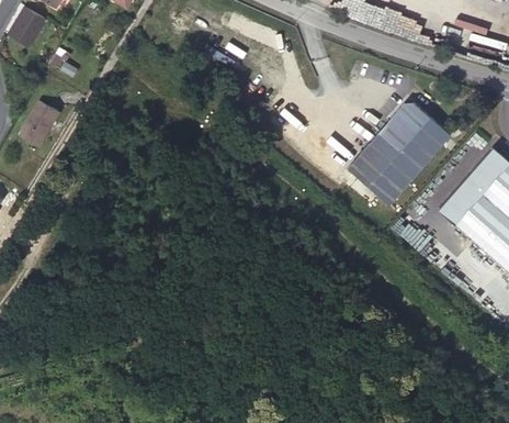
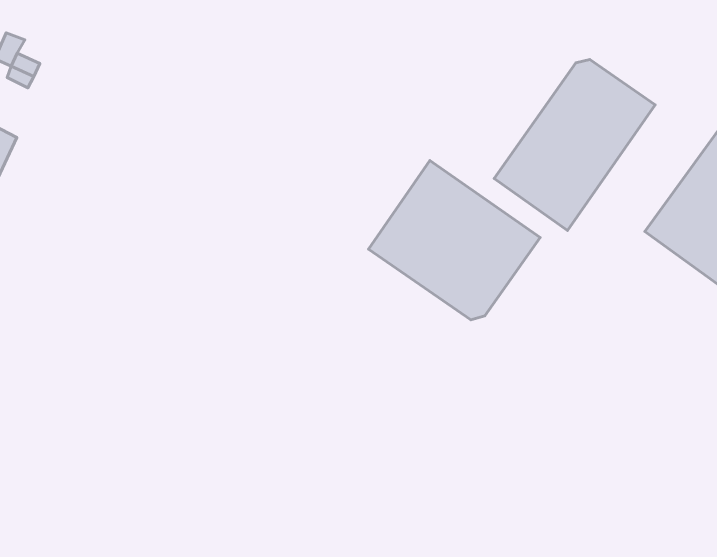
building: none -> [368,161,540,320]

